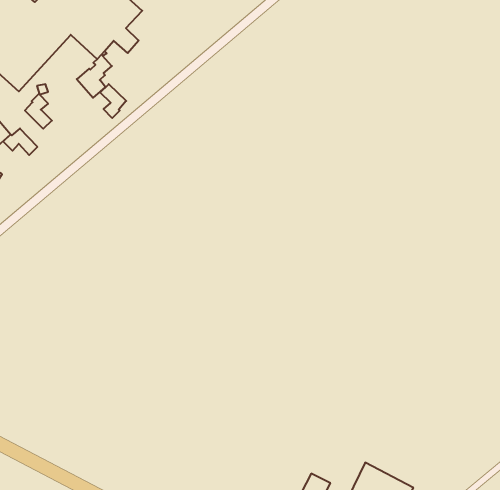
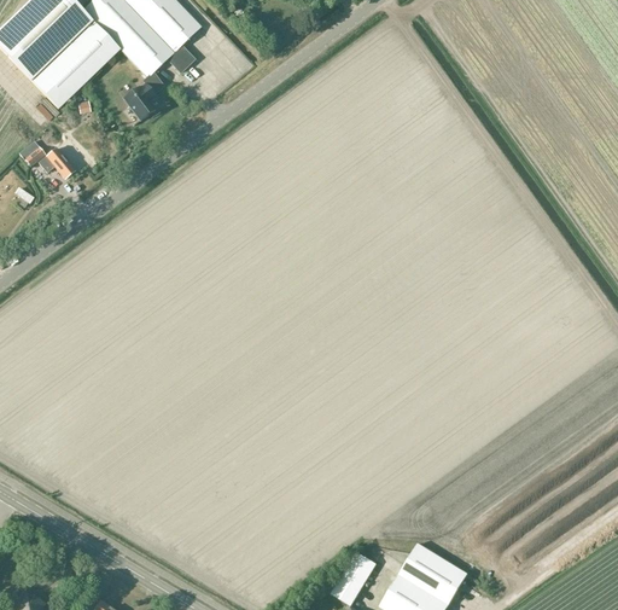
building: [100,84,126,118] -> none
building: [25,94,52,129] -> none

